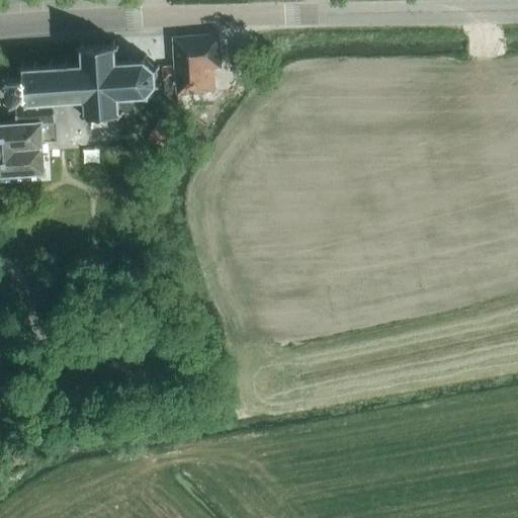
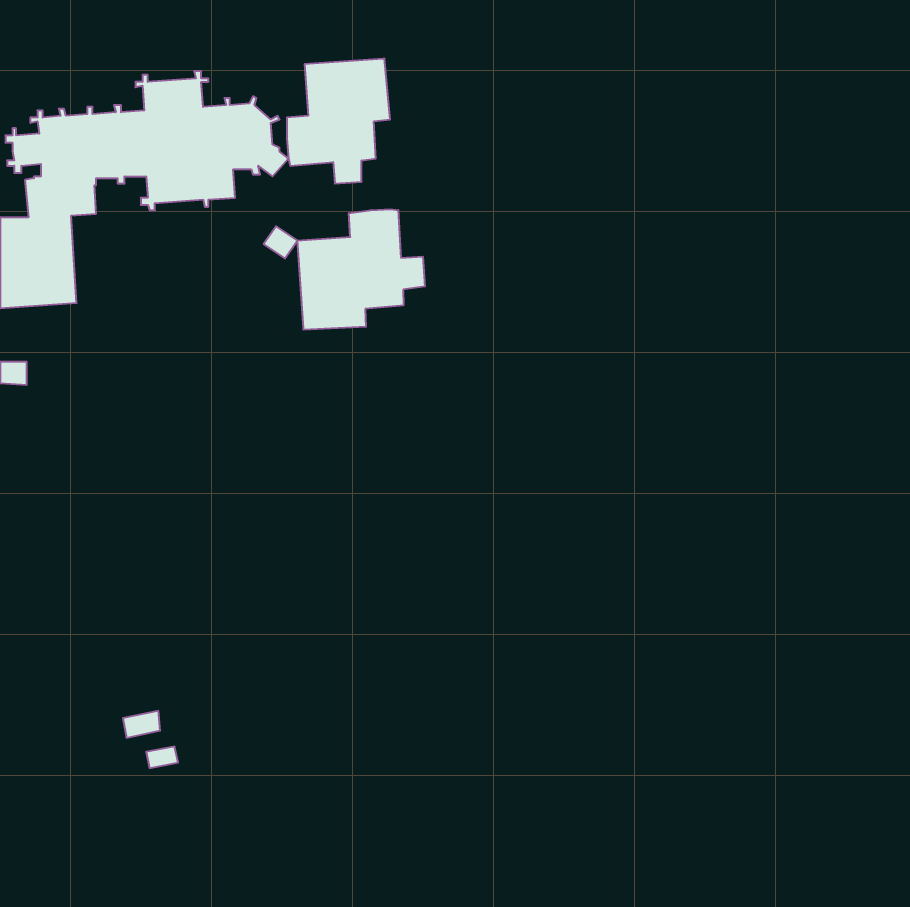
building: none -> [297,209,425,330]

